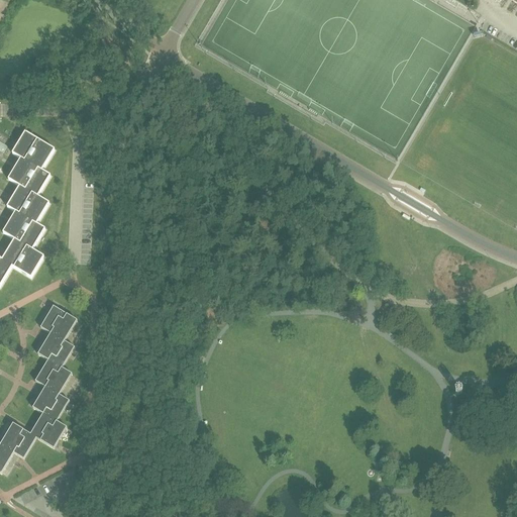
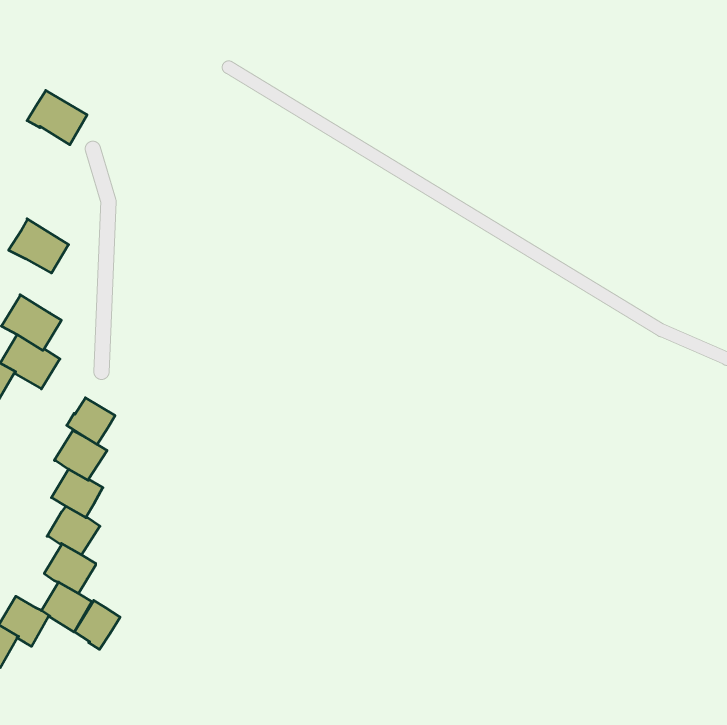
building: [10,129,53,168] -> [27,90,87,145]
building: [5,183,47,221] -> none
building: none -> [67,398,115,445]
building: none -> [75,600,120,649]

